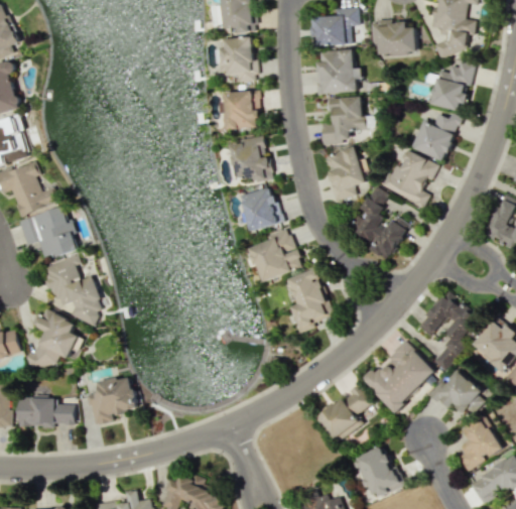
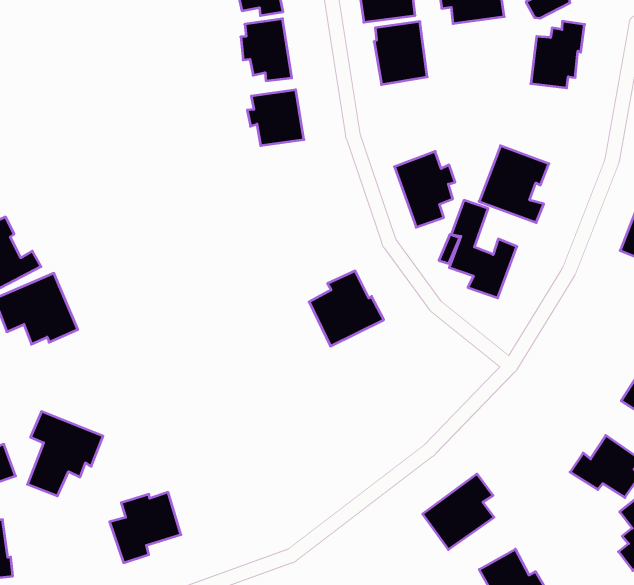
building: [320,97,364,144] -> none
building: [414,114,461,161] -> none
building: [231,136,272,182] -> none
building: [239,187,280,232] -> none
building: [42,255,101,327] -> none
building: [288,269,333,331] -> none
building: [418,291,478,372] -> none
building: [362,342,435,412] -> none
building: [17,397,74,427] -> none

